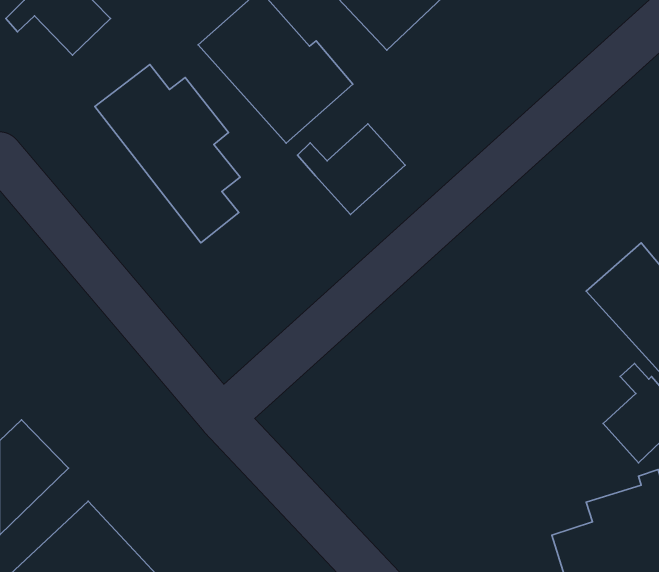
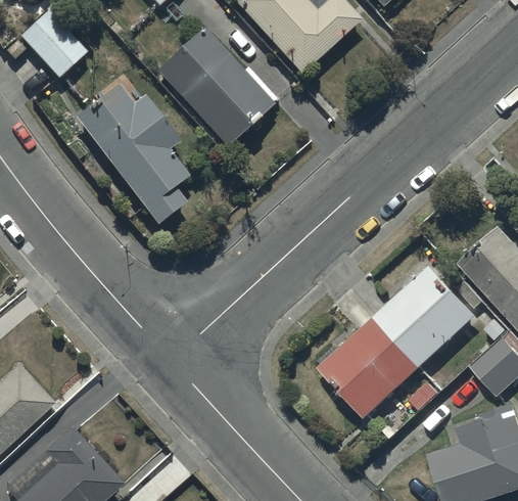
building: [298,124,405,214] -> none
building: none -> [321,263,484,415]

